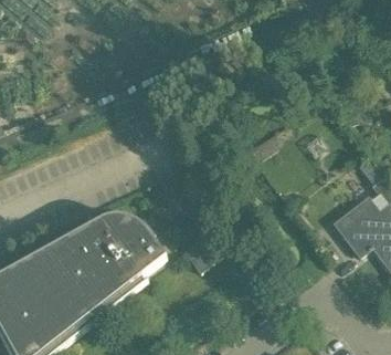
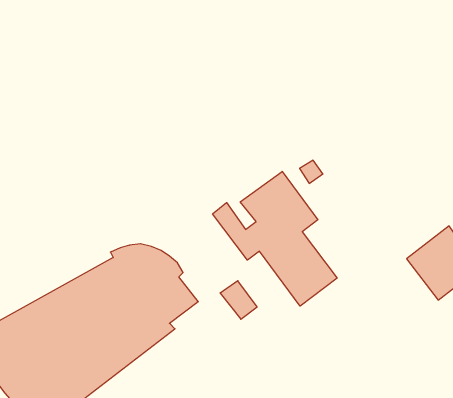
building: none -> [213,171,337,306]

